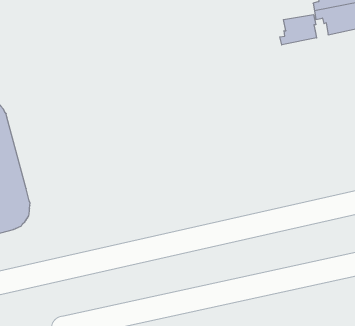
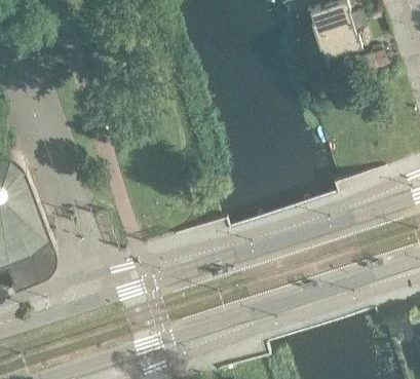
building: [280,15,317,45] -> none

